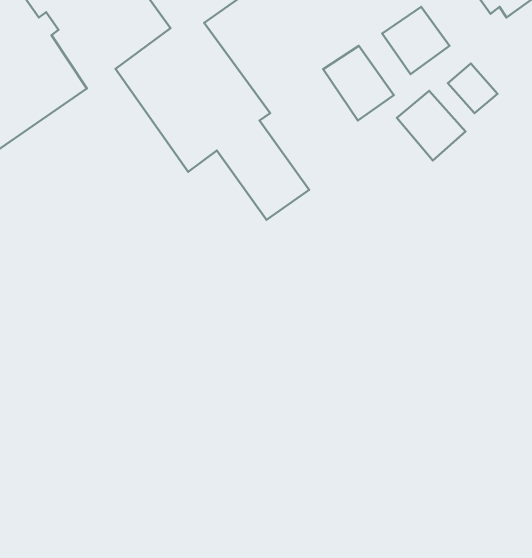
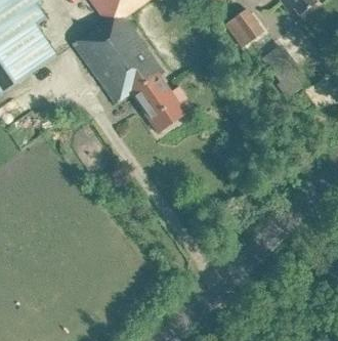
building: [323,46,394,120] -> none
building: [397,91,466,160] -> none

